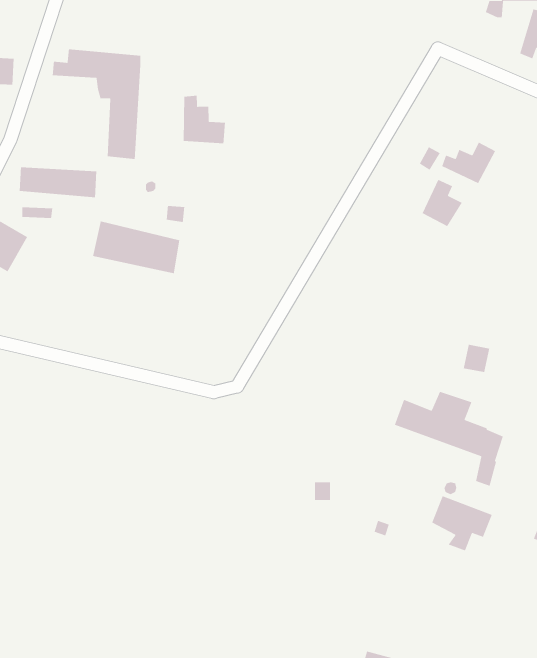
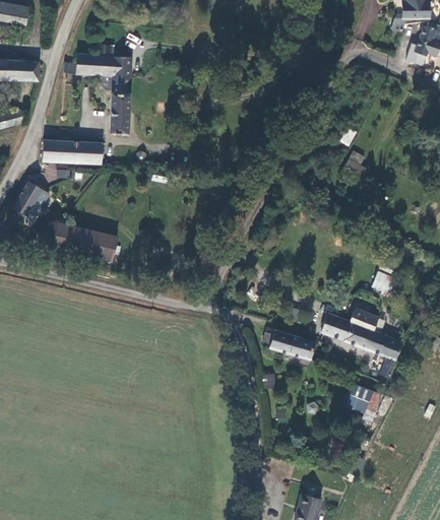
building: [183,95,226,144] -> none
building: [441,142,496,184] -> none
building: [92,221,180,274] -> [52,222,117,262]
building: none -> [269,329,314,360]

